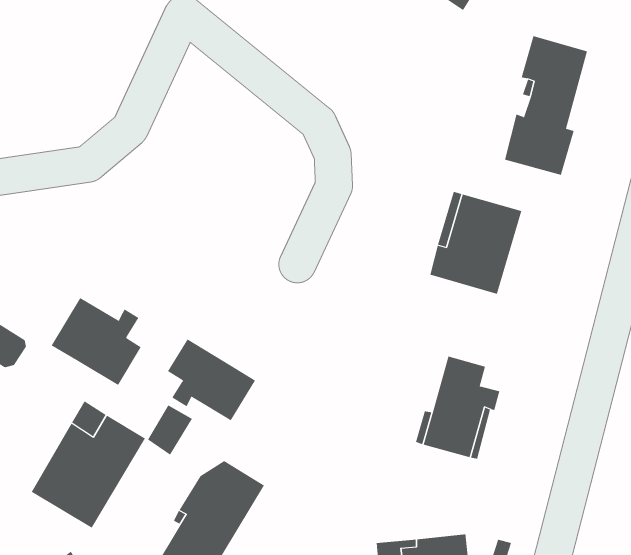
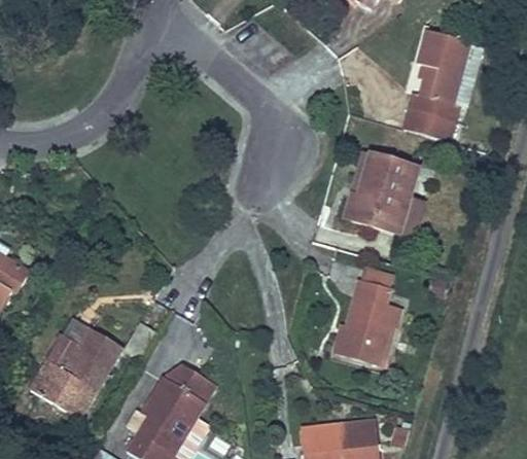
building: [51,297,142,386] -> none
building: [167,339,256,421] -> none

